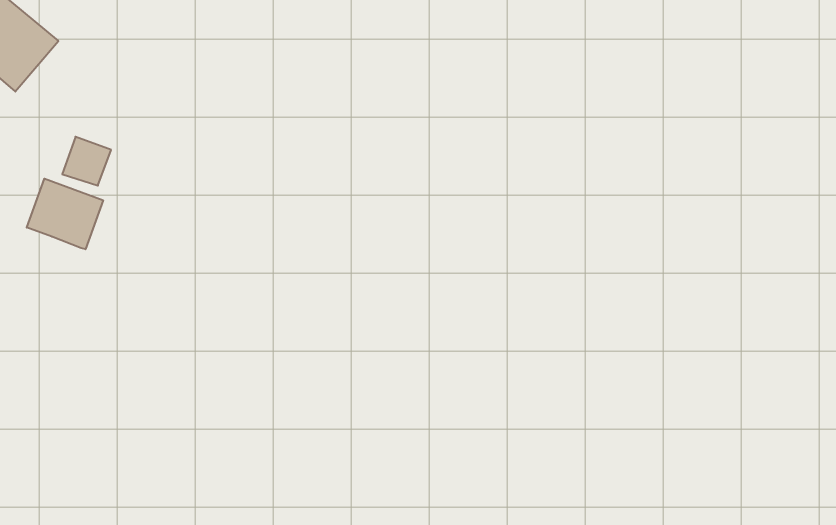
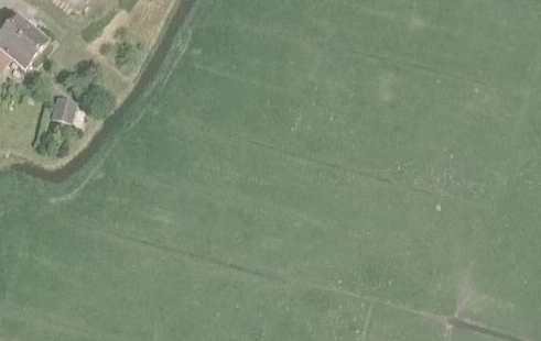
building: [27,179,103,249] -> none

